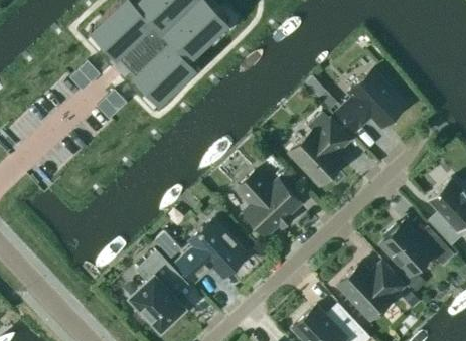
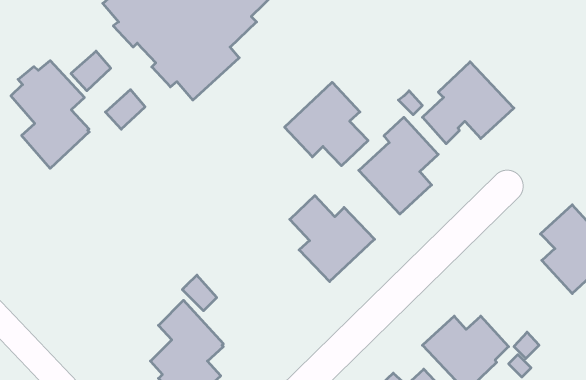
building: none -> [11,61,89,168]
building: none -> [285,82,368,166]
building: [177,218,248,282] -> none
building: [380,222,453,276] -> none

